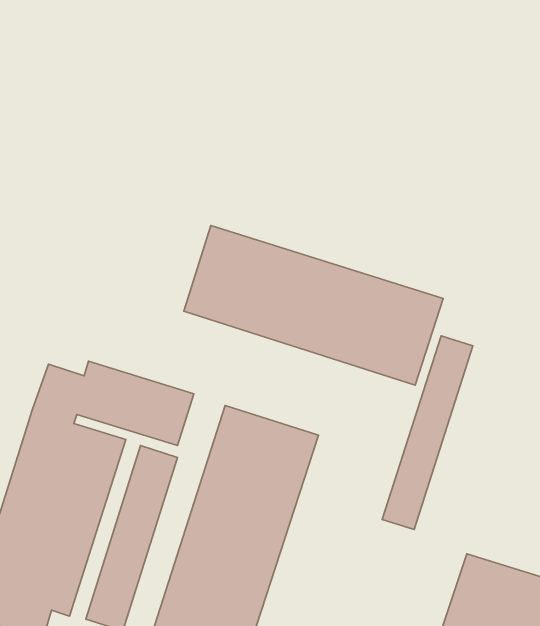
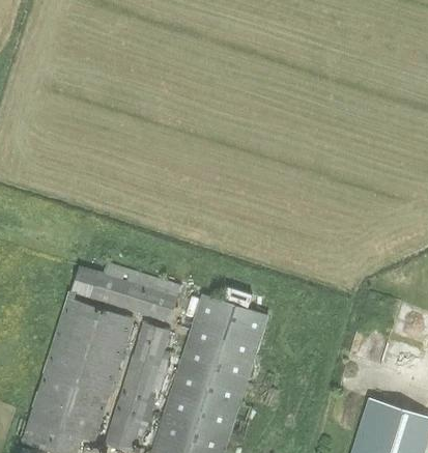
building: [184,225,443,385] -> none
building: [382,336,473,530] -> none

